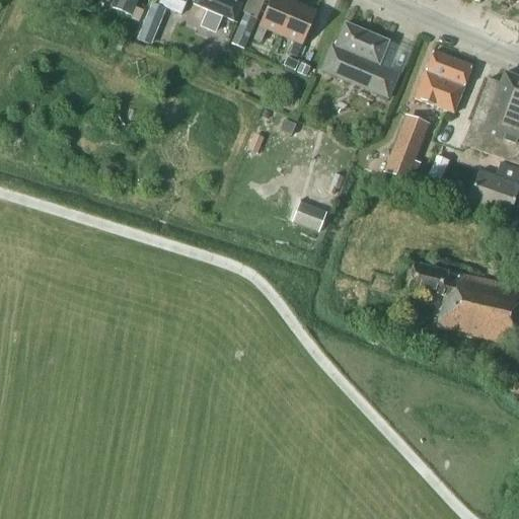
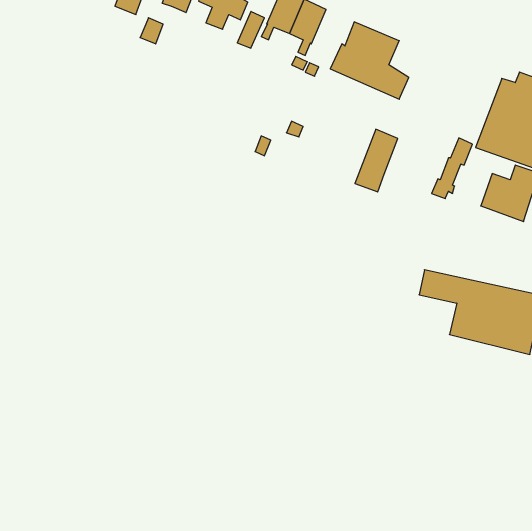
building: [416,49,473,112] -> none
building: [386,117,428,177] -> [355,129,398,192]
building: [294,201,327,231] -> none

